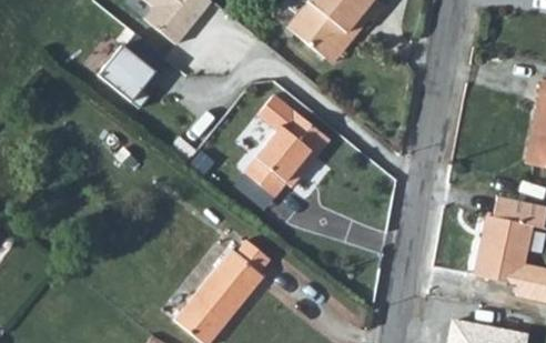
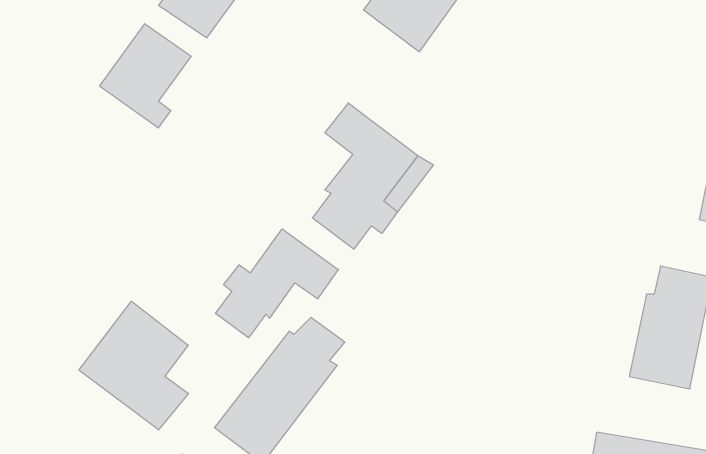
building: none -> [215,229,338,338]
building: none -> [79,301,189,430]

